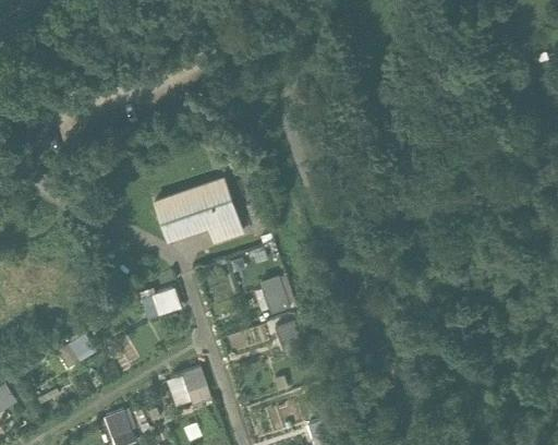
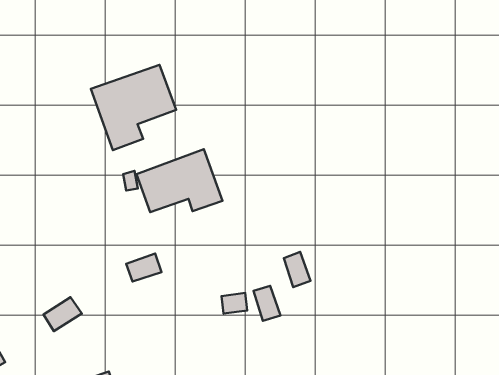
building: none -> [91,65,176,150]
building: [262,276,290,313] -> [284,252,311,287]
building: [183,366,211,404] -> none

